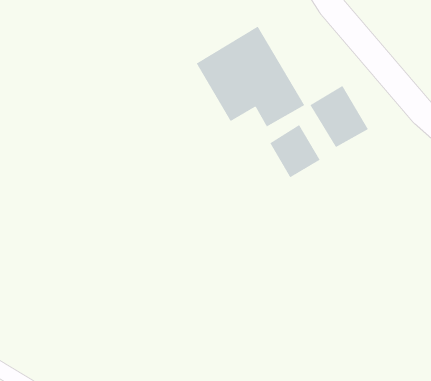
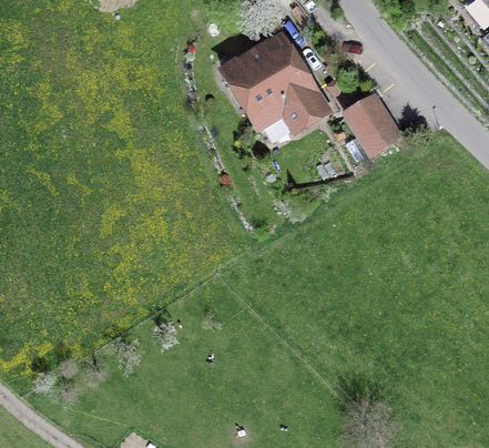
building: [270,124,321,178] -> none

